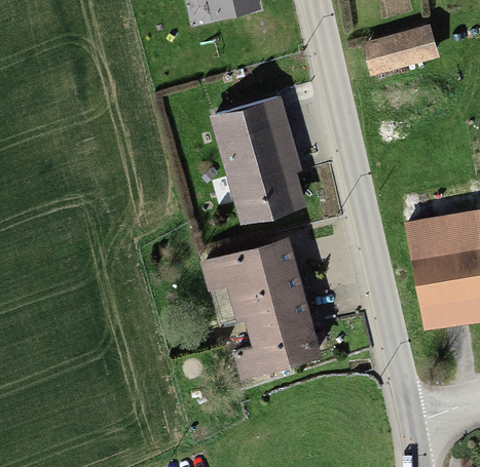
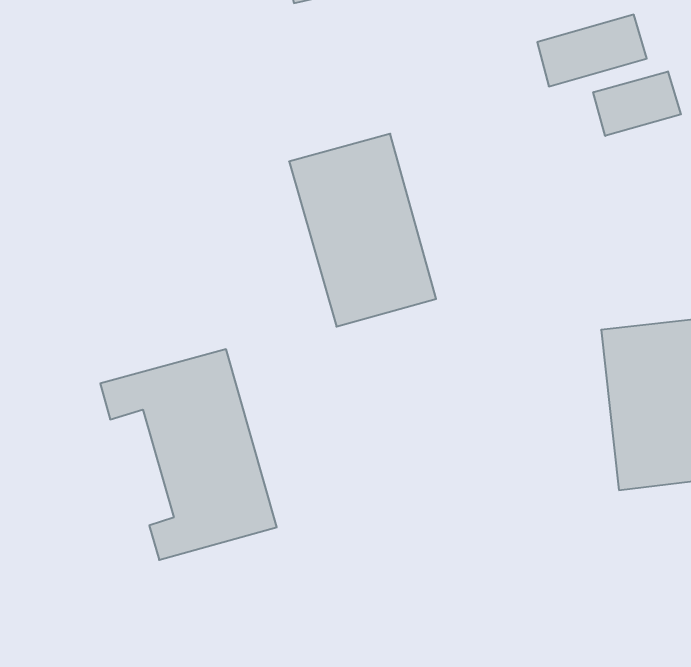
building: none -> [593,71,681,136]
building: [205,240,316,373] -> [100,349,277,560]

